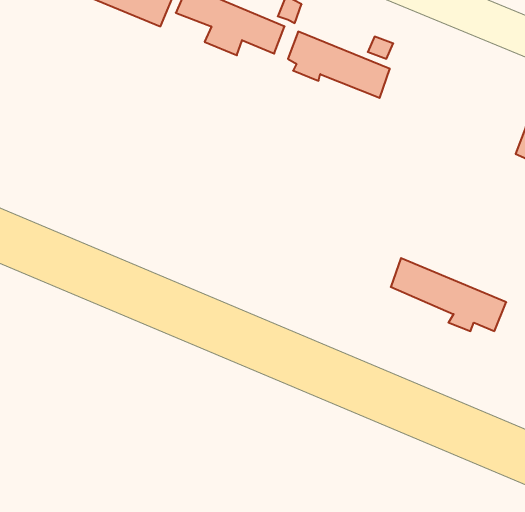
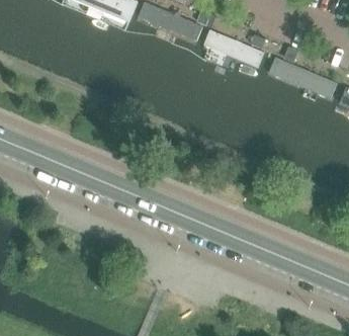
building: [391,258,506,331] -> [268,56,337,99]

